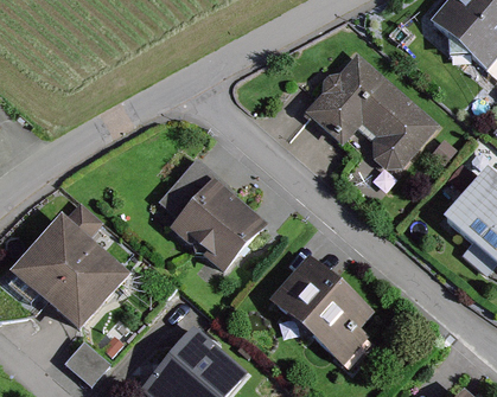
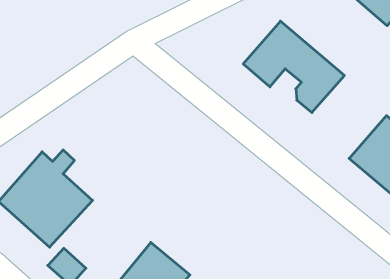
building: [165,162,257,269] -> none
building: [270,260,365,360] -> none

